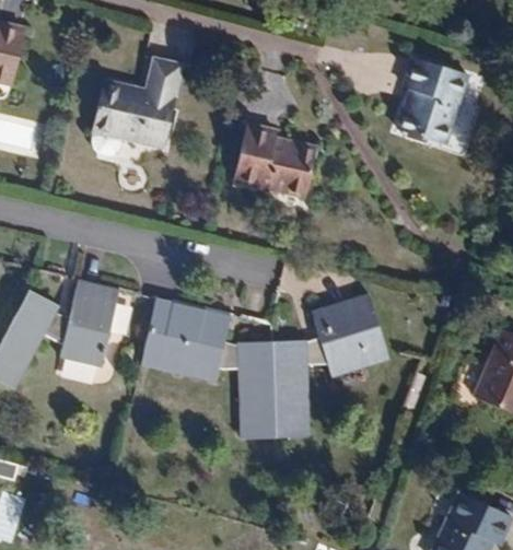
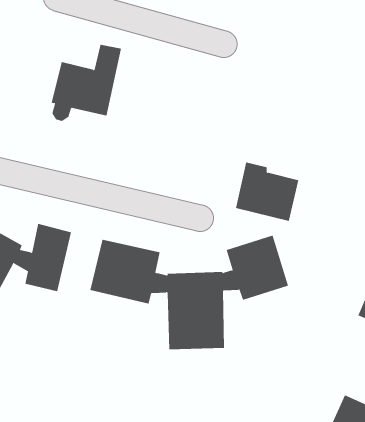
building: [396,57,468,143] -> none
building: [235,122,315,197] -> [235,162,299,221]

